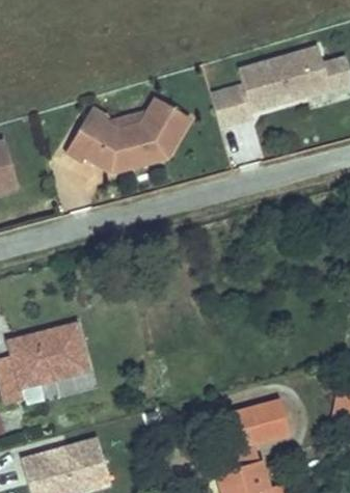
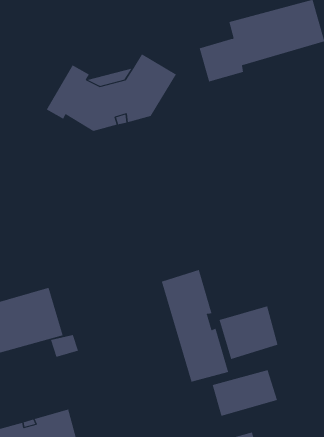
building: none -> [161,269,229,383]
building: none -> [219,305,278,360]

